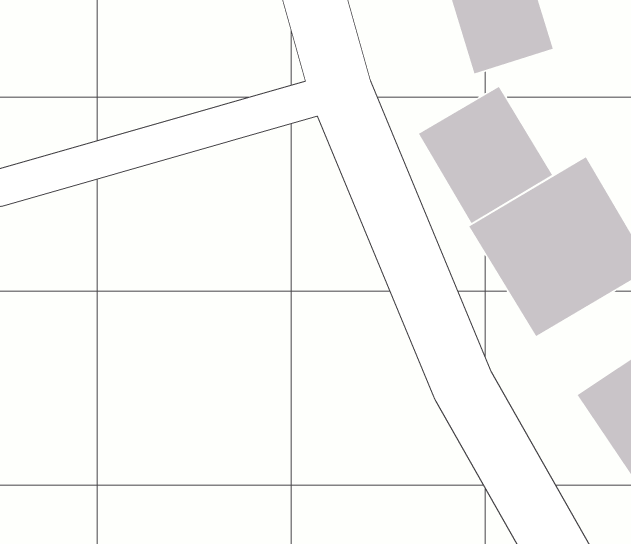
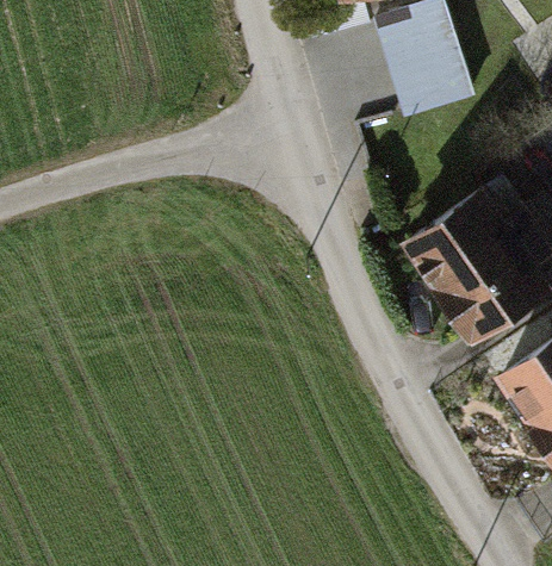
building: [418,86,553,224] -> none

